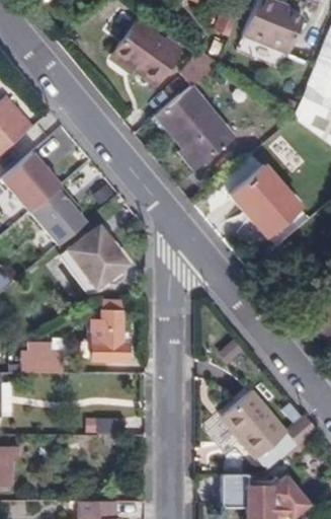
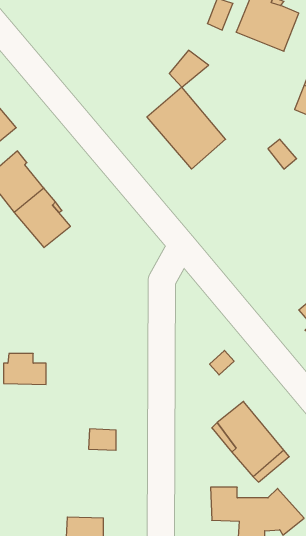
building: [111,23,181,90] -> none
building: [230,168,300,238] -> none
building: [69,227,128,287] -> none
building: [92,310,128,362] -> none

